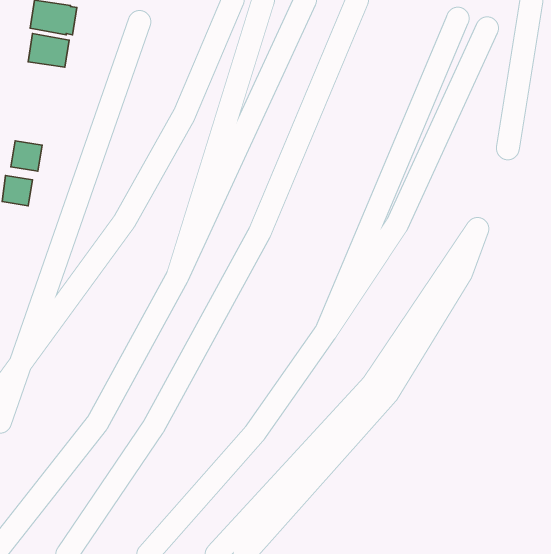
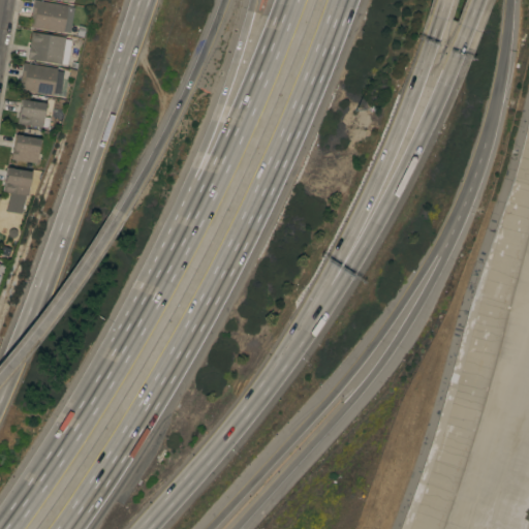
building: none -> [21,63,65,95]
building: none -> [19,99,52,128]

